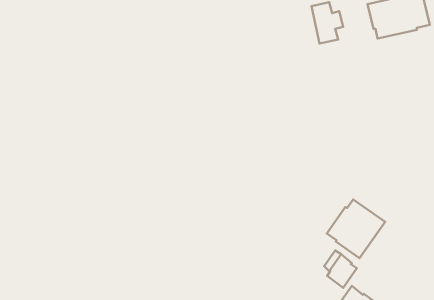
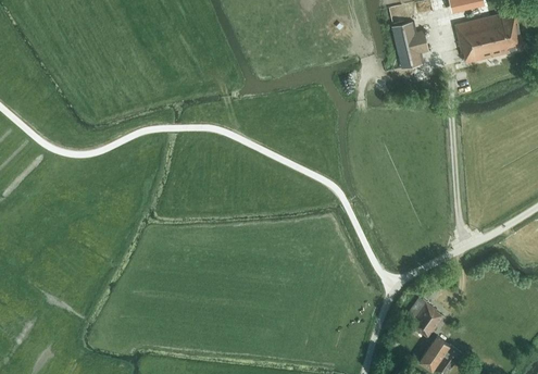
building: [327,199,385,258] -> none

